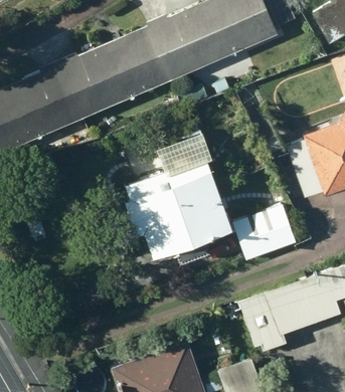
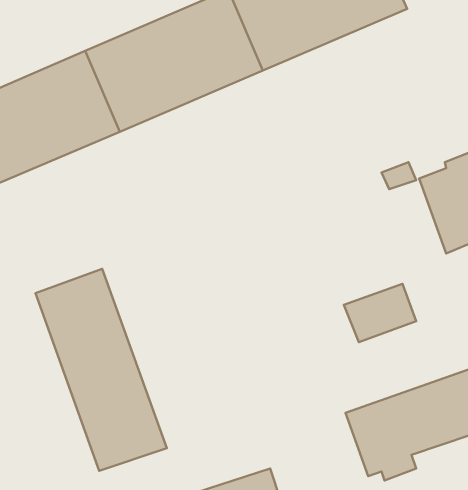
building: [124,146,231,257] -> none
building: none -> [35,269,167,471]

